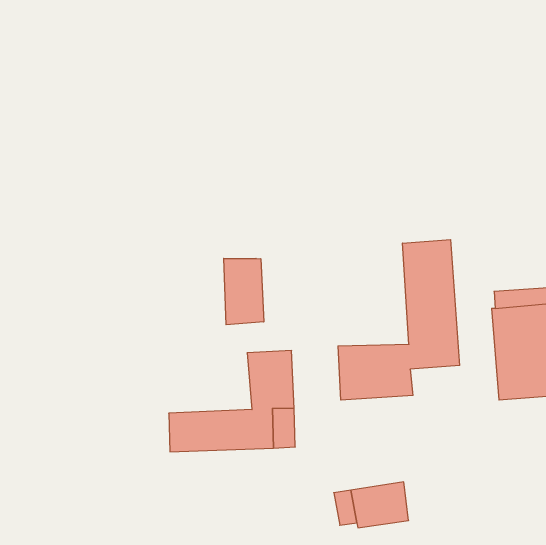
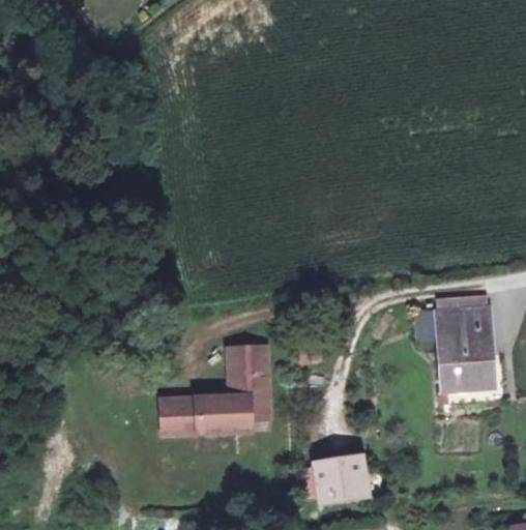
building: [338,240,460,400] -> none
building: [224,258,264,325] -> none

